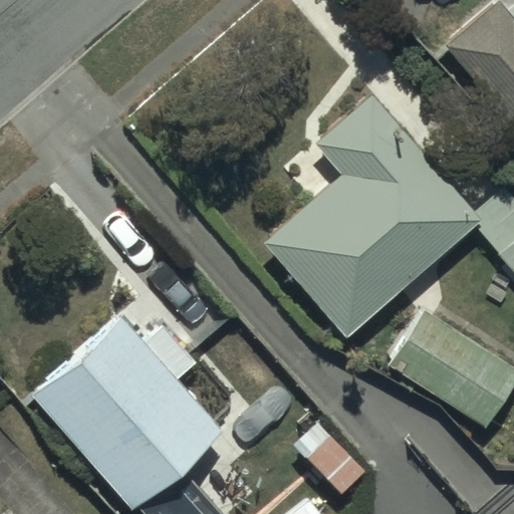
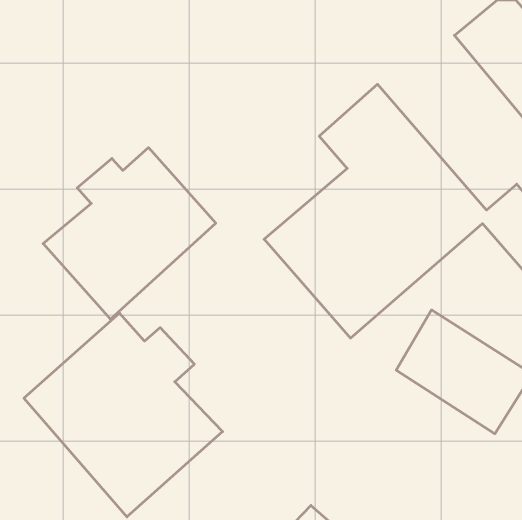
building: none -> [43,148,216,319]

